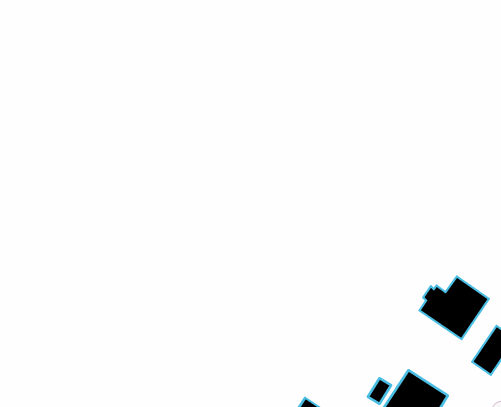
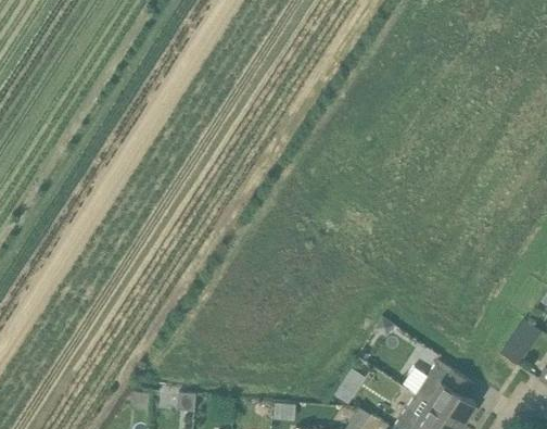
building: [419,276,489,339] -> none

